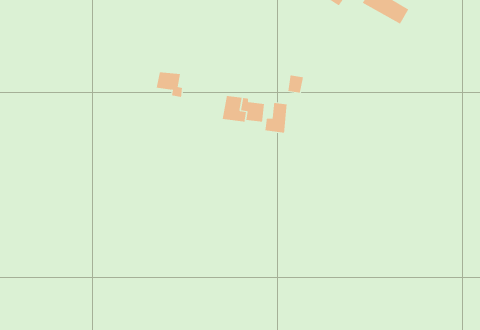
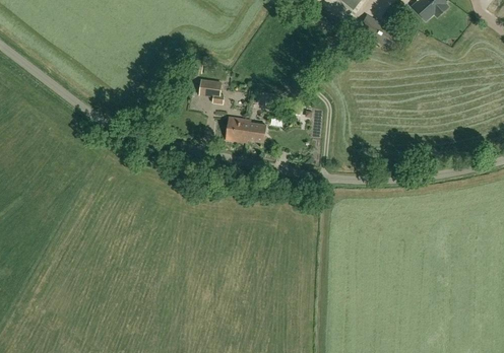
building: [156,72,183,98] -> [198,80,224,104]
building: [265,102,287,133] -> none

